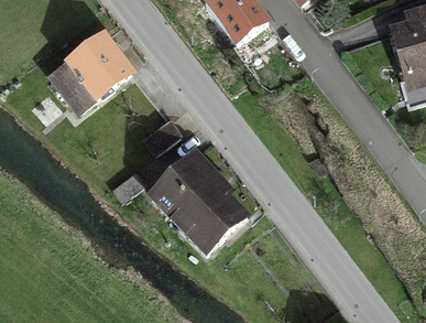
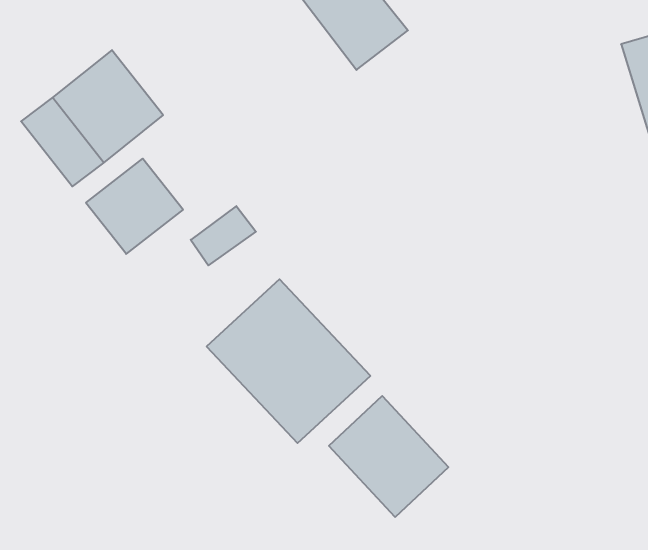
building: none -> [86,159,183,254]
building: none -> [329,396,448,517]

